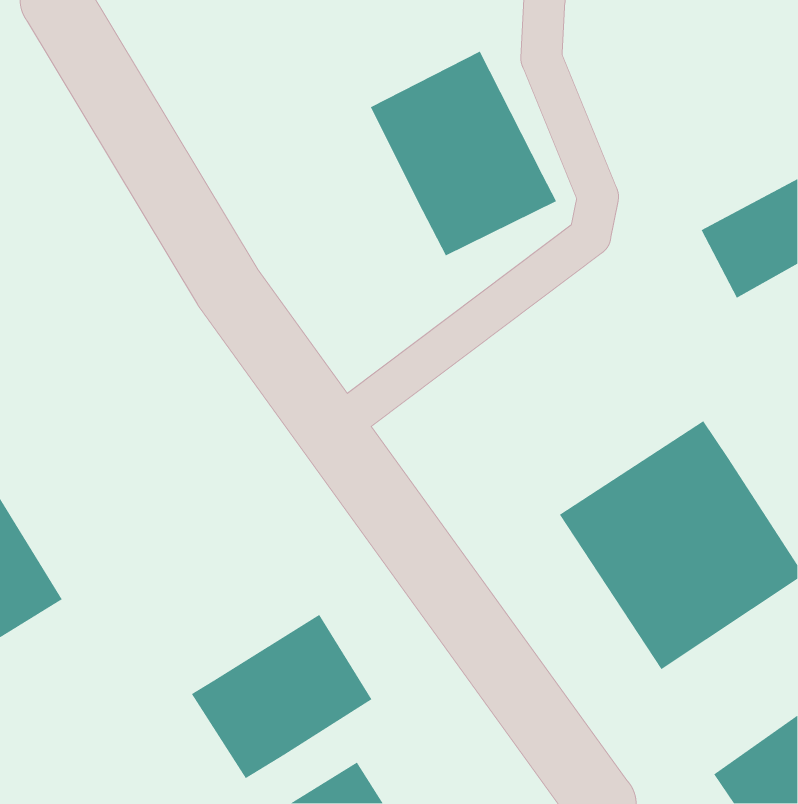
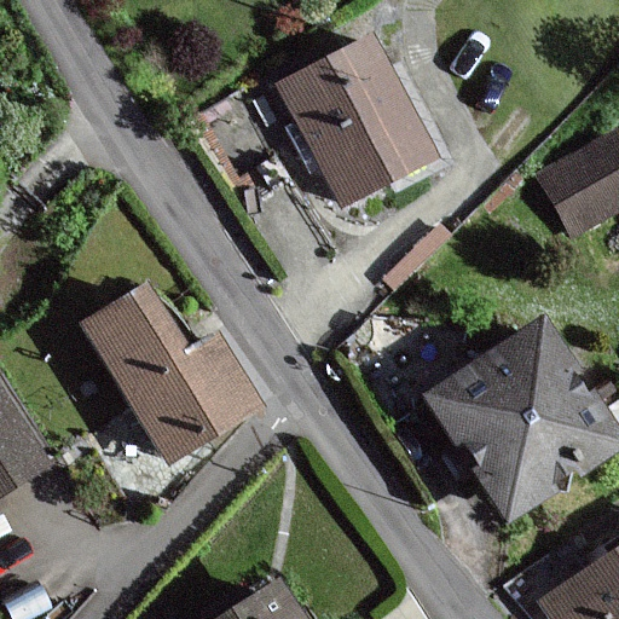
building: none -> [82,285,256,461]
building: [191,614,372,779] -> none

